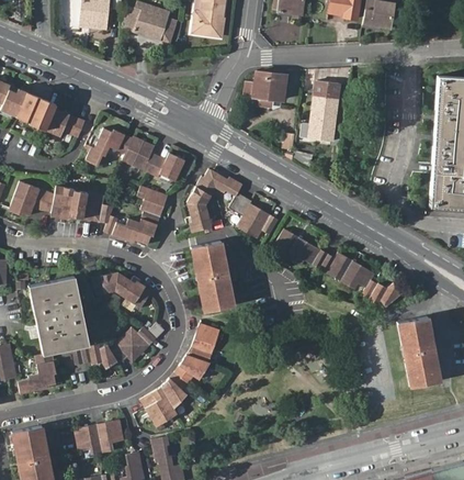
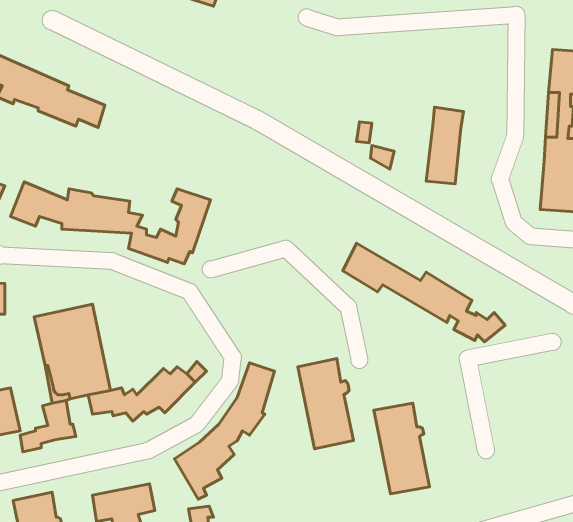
building: [246,74,285,109] -> none
building: [309,82,339,143] -> [426,107,464,184]
building: [82,129,184,182] -> none
building: [186,170,279,239] -> none
building: [191,242,235,313] -> [298,358,353,449]
building: [93,272,150,309] -> none
building: [397,316,441,388] -> [374,403,429,494]

